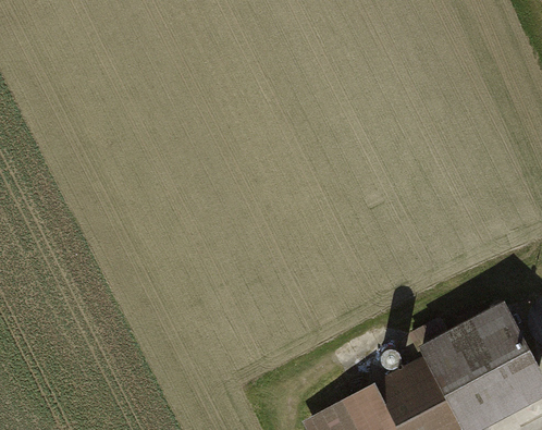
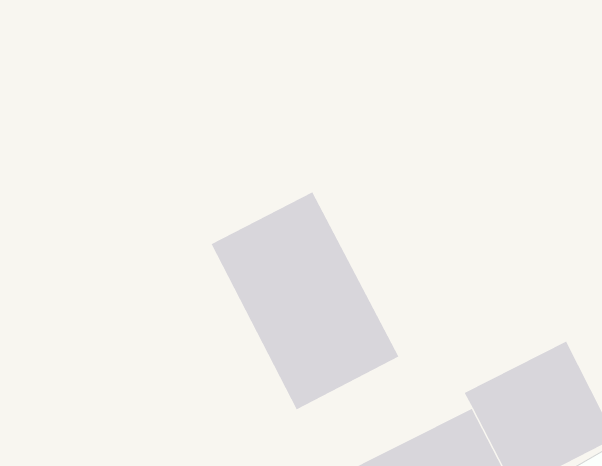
building: none -> [211,192,399,410]

